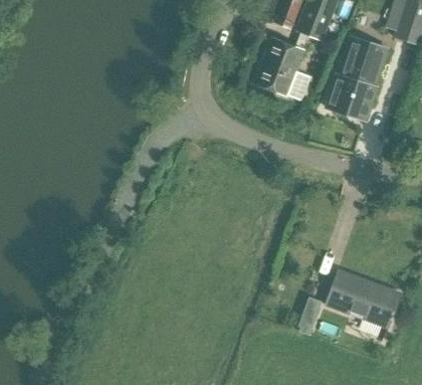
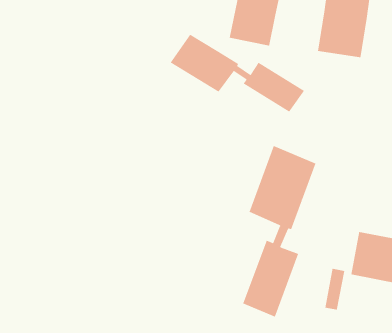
building: none -> [170,34,305,113]
building: none -> [242,145,316,317]

